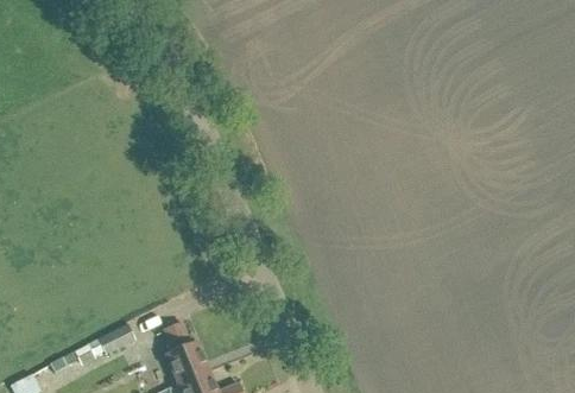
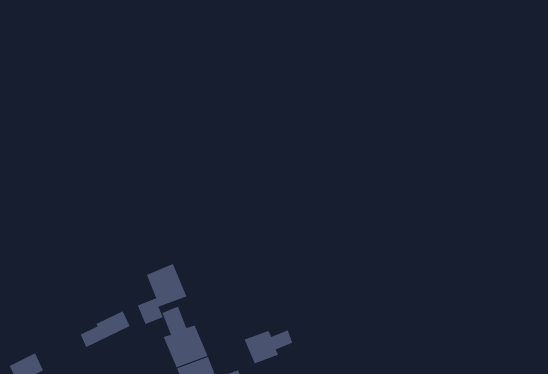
building: none -> [137,263,187,325]
building: none -> [244,330,293,364]

